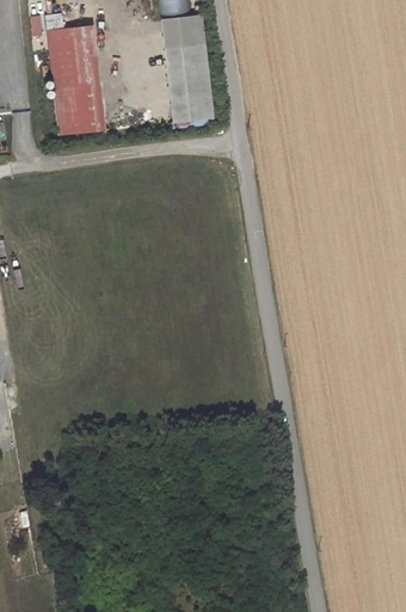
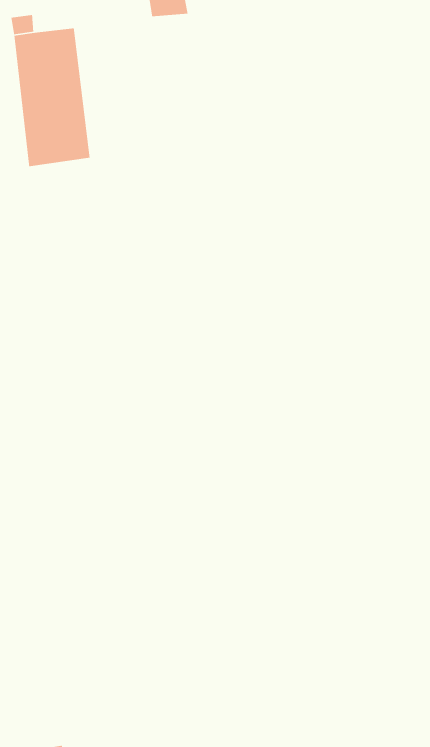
building: [161,16,204,120] -> none

